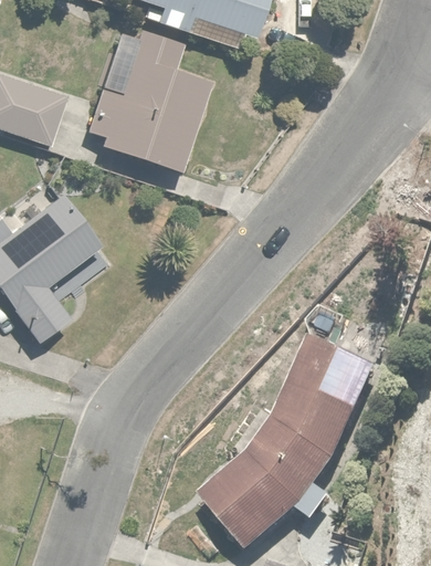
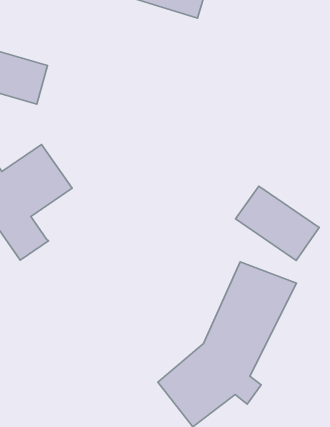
building: [87,30,211,174] -> none
building: none -> [235,186,319,261]

